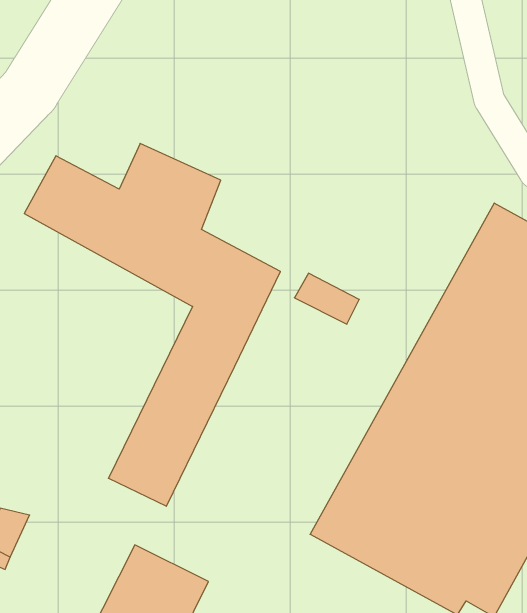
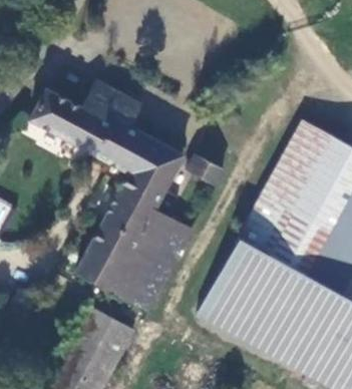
building: none -> [114,212,191,308]

